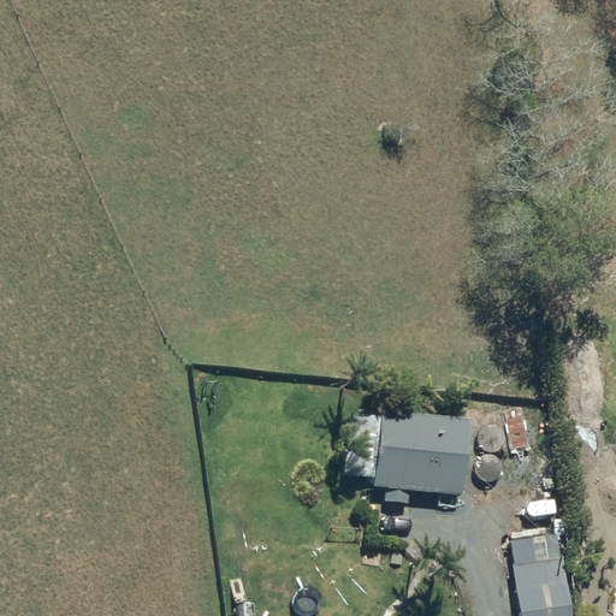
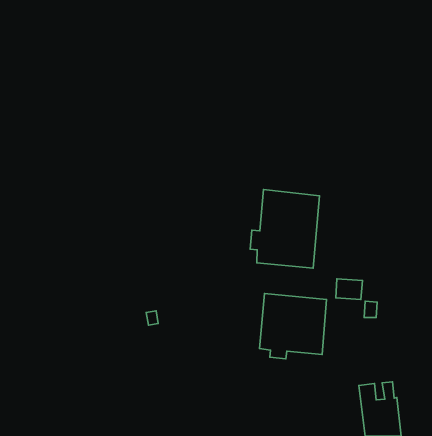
building: none -> [250,190,320,268]

